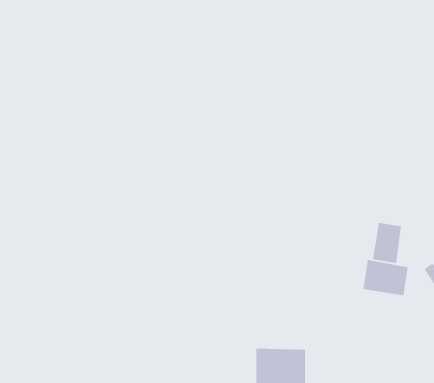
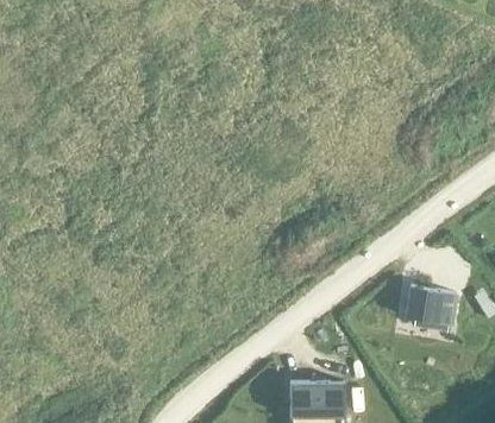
building: [373,222,402,264] -> none

